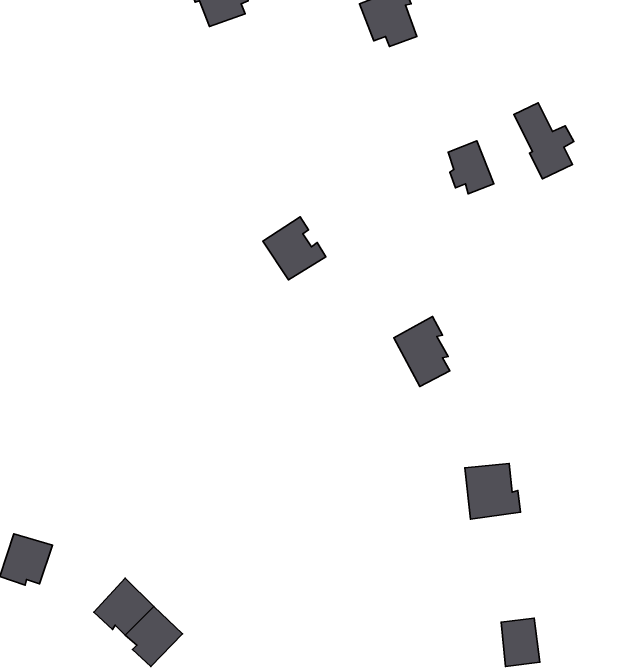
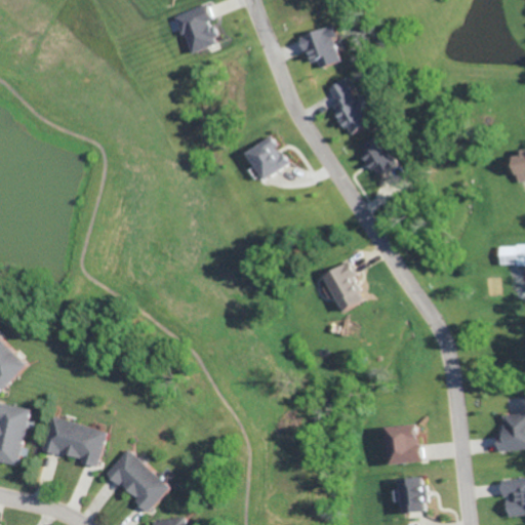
building: [514,103,574,179] -> [326,80,369,134]
building: [263,217,326,280] -> [243,135,288,180]
building: [465,463,521,519] -> [383,425,423,465]
building: none -> [68,426,104,466]

